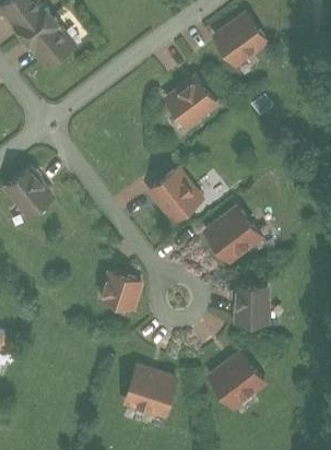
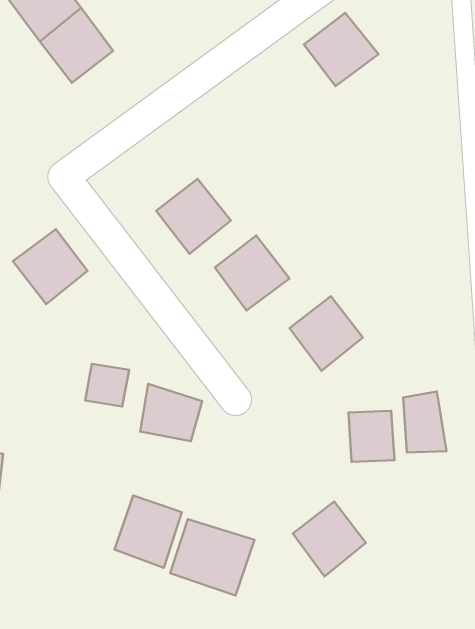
building: [162,79,213,130] -> [156,179,231,254]
building: none -> [85,364,129,406]
building: none -> [403,392,447,453]
building: none -> [115,496,182,568]

